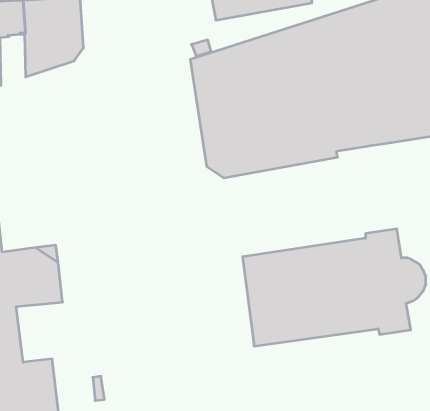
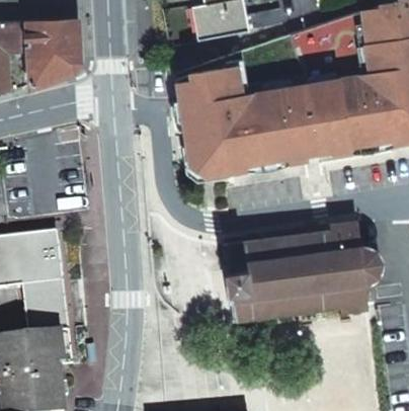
building: none -> [23,285,75,369]

